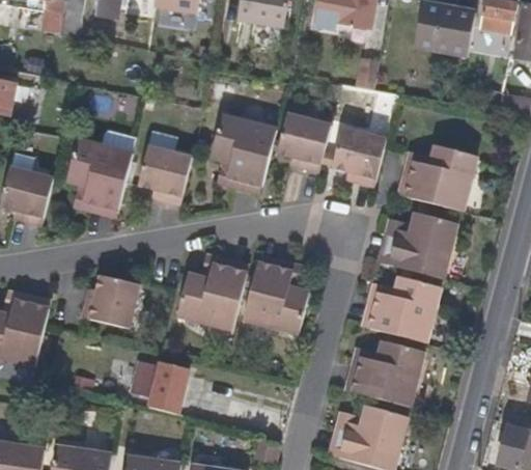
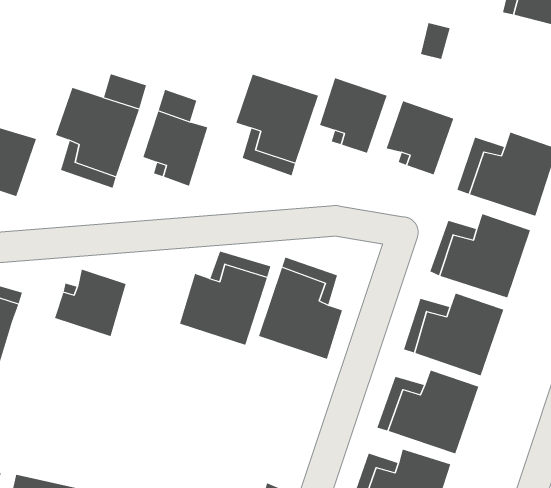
building: [133,361,191,415] -> none

